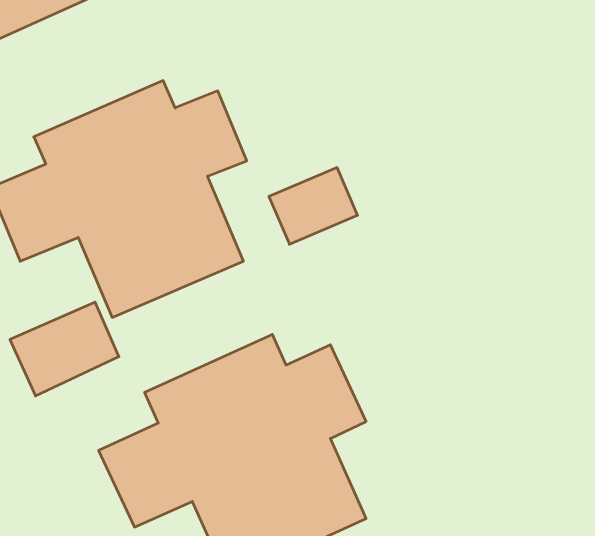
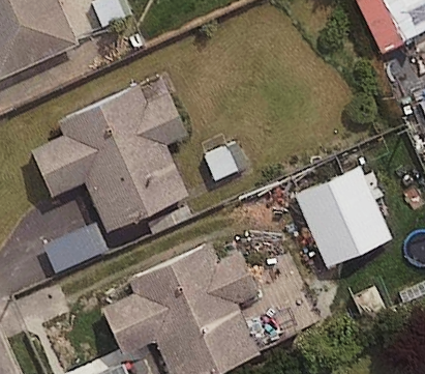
building: none -> [295,165,392,268]

